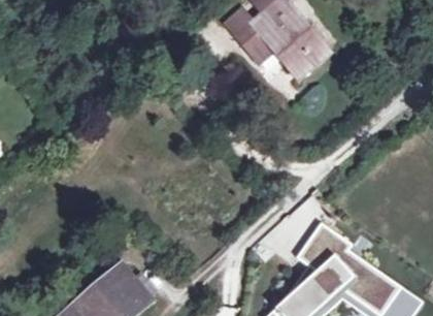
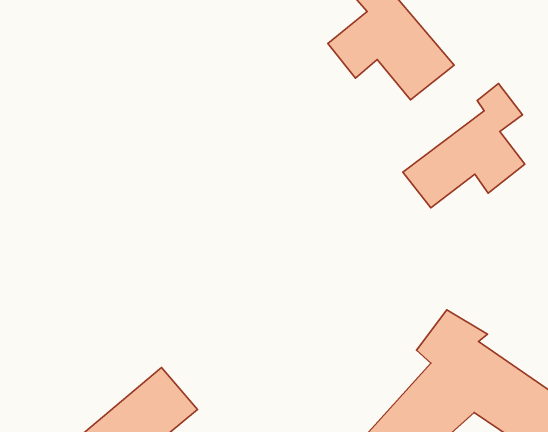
building: none -> [403,83,525,208]

